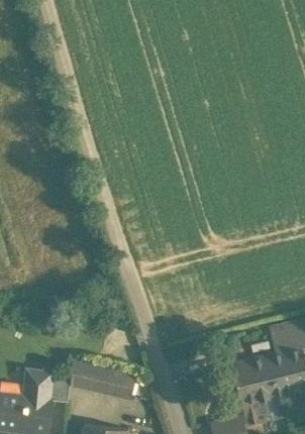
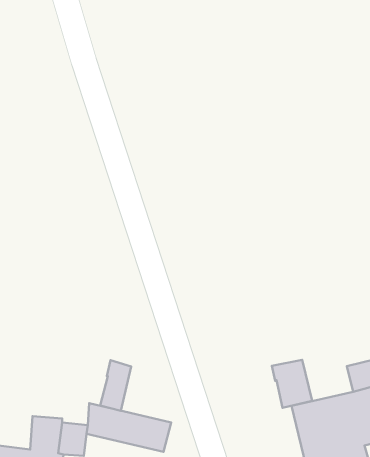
building: none -> [272,360,312,408]
building: none -> [100,360,131,411]

